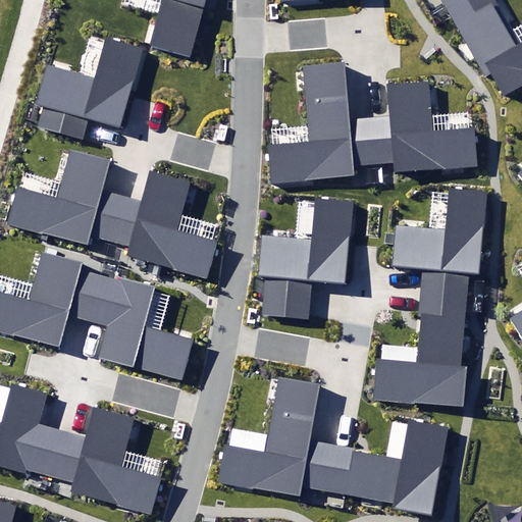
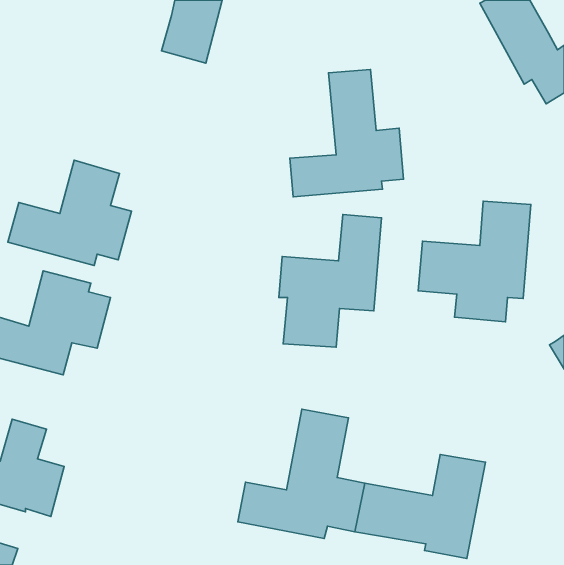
building: [35,35,145,137] -> none
building: [368,83,475,173] -> none
building: [109,169,214,276] -> none
building: [90,274,190,377] -> none
building: [376,293,466,406] -> none
building: [47,407,163,516] -> none

